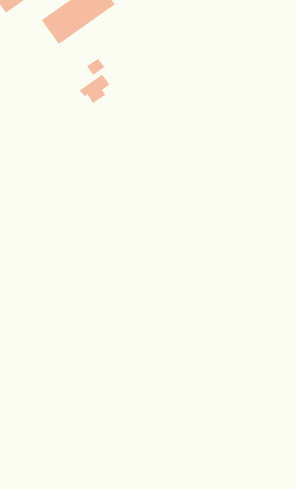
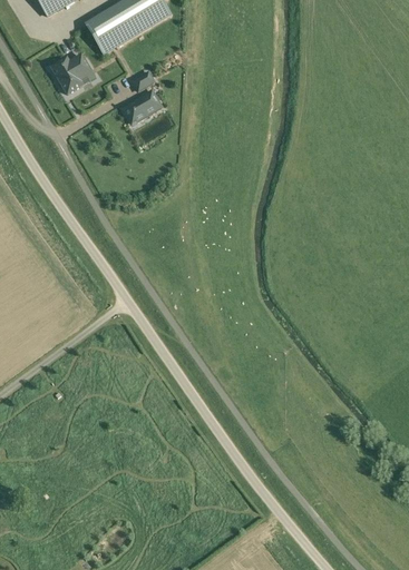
building: none -> [55,57,95,94]

